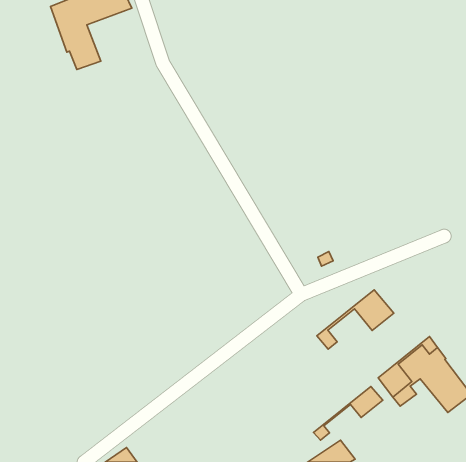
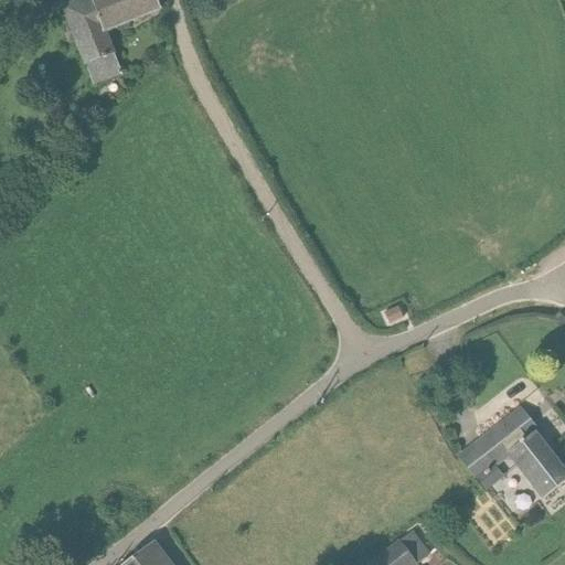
building: [317,290,394,349] -> none
building: [314,387,383,440] -> none

